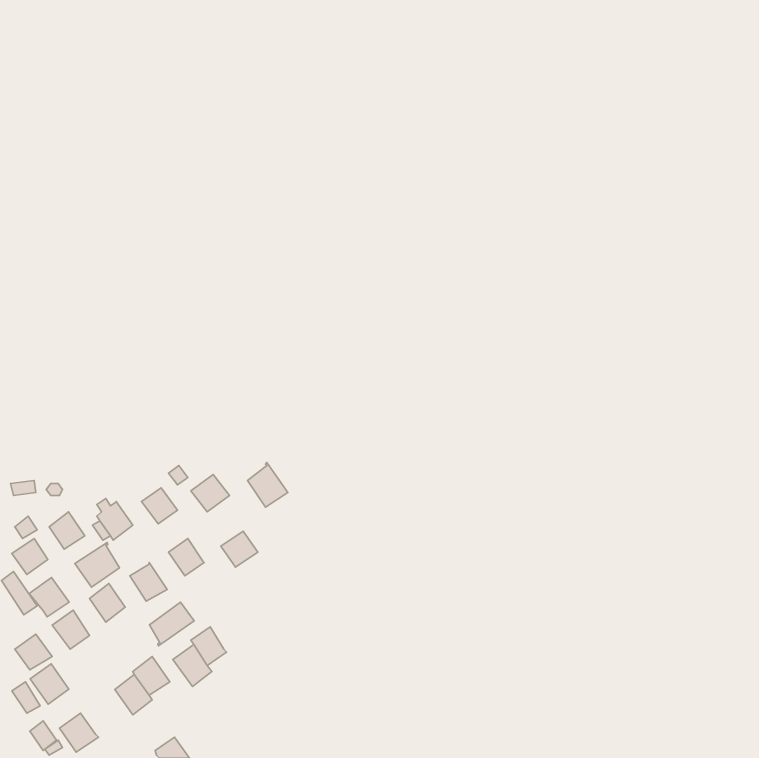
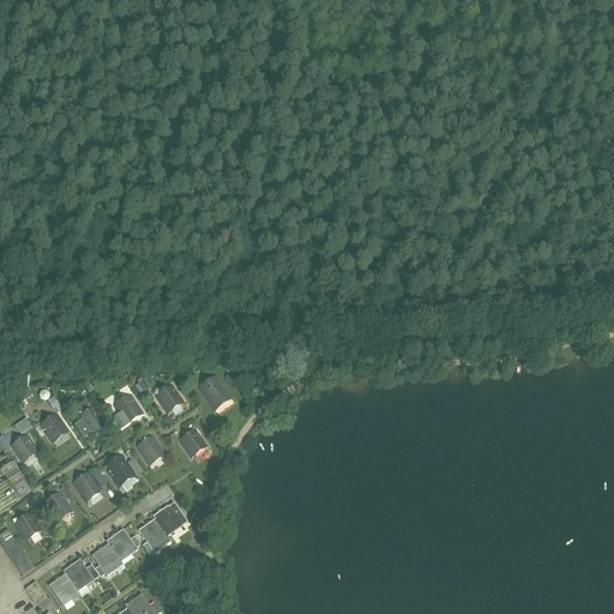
building: [75,542,119,587] -> none
building: [29,577,69,617] -> none
building: [149,602,194,646] -> none
building: [30,664,69,704] -> [62,558,94,590]

